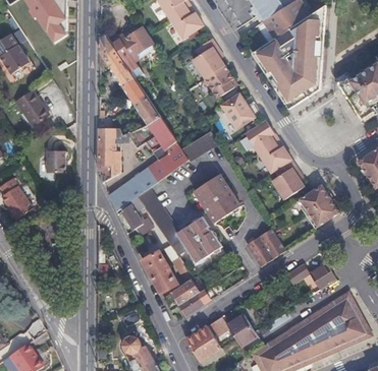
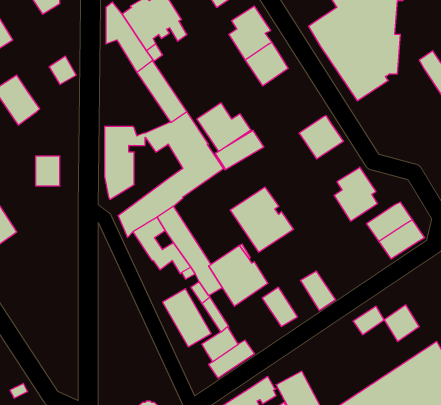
building: [220,92,261,129] -> [197,103,251,152]
building: [258,139,290,172] -> none
building: [258,229,284,258] -> [262,287,297,326]

